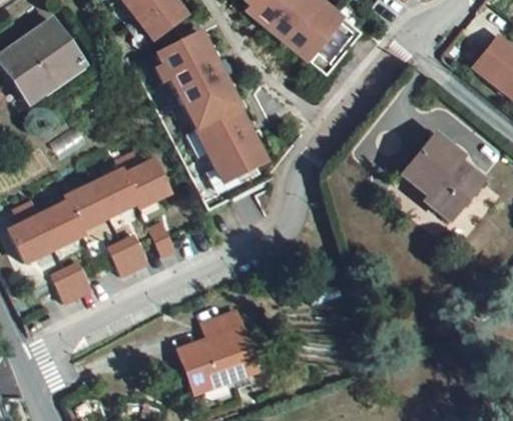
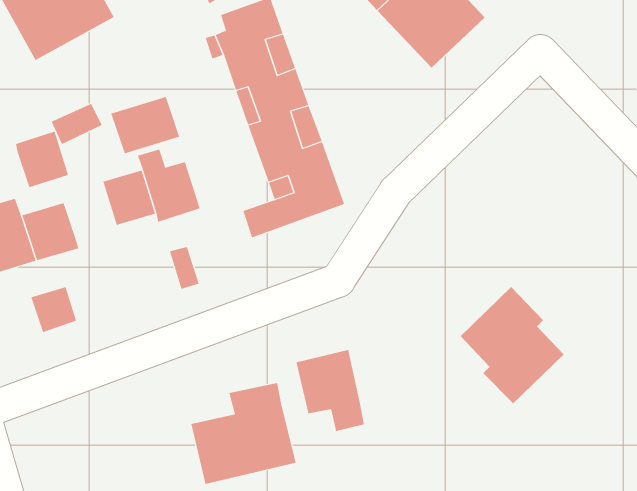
building: none -> [111,96,180,154]
building: [400,134,478,221] -> [460,286,564,404]
building: [65,182,107,227] -> [15,131,69,188]
building: [108,236,145,274] -> none
building: none -> [296,349,365,432]

